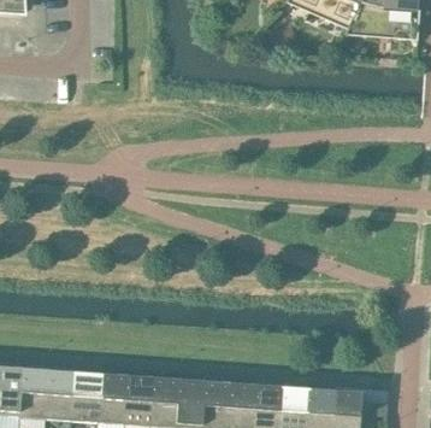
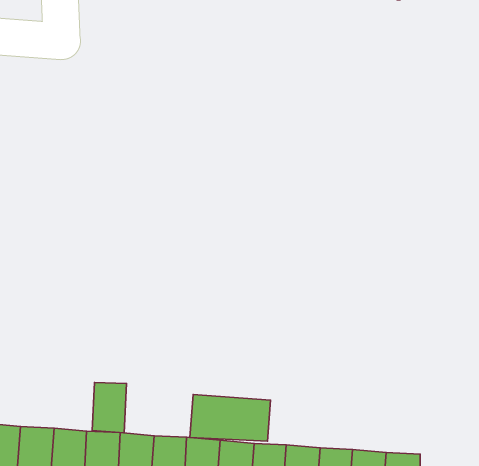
building: none -> [92,383,126,433]
building: none -> [190,394,271,441]

